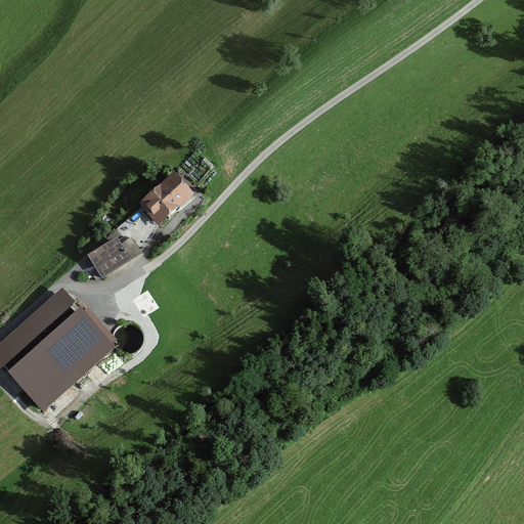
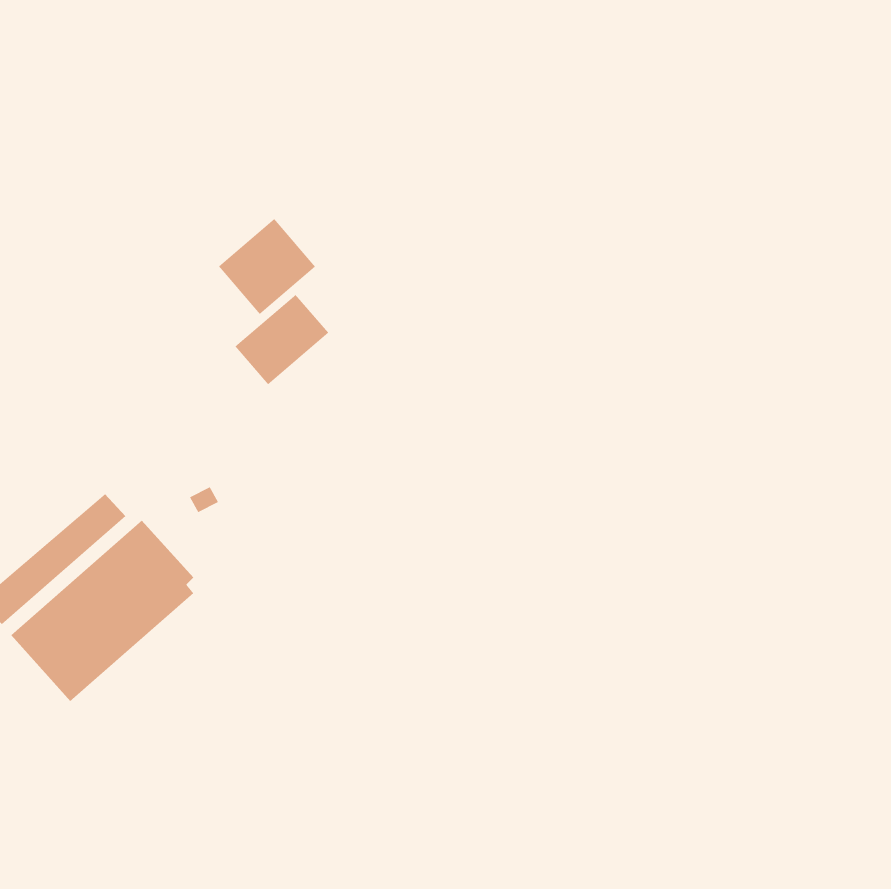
building: none -> [218,218,316,315]
building: [86,234,141,277] -> none

